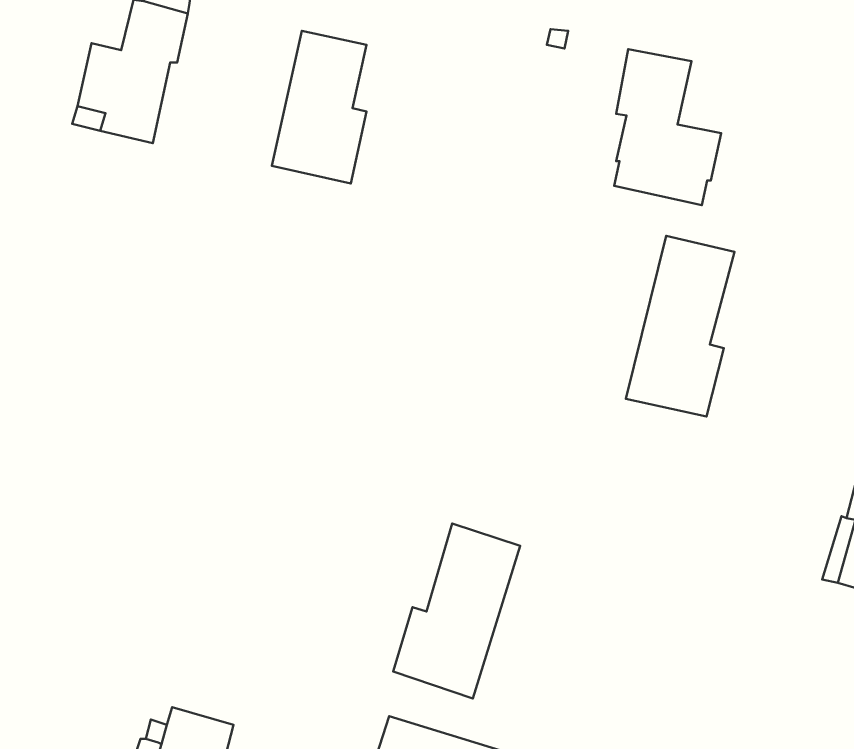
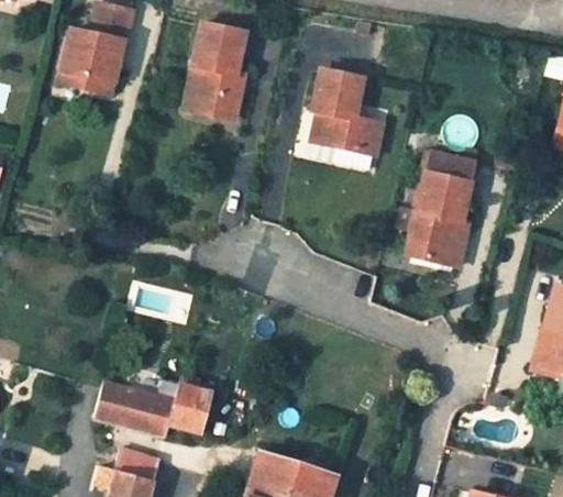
building: [614,49,721,205] -> [313,70,380,168]
building: [393,524,520,698] -> none
building: none -> [95,374,210,435]

